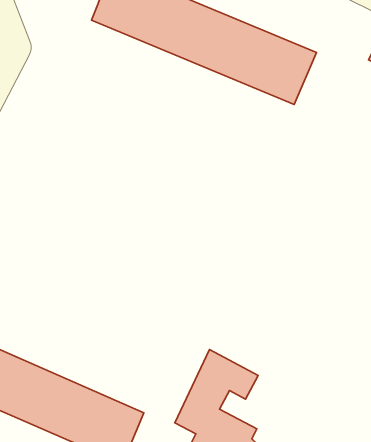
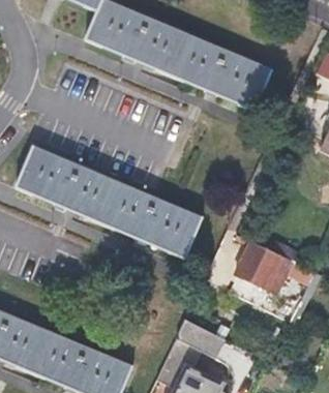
building: none -> [17,146,202,259]
building: none -> [231,239,311,296]

